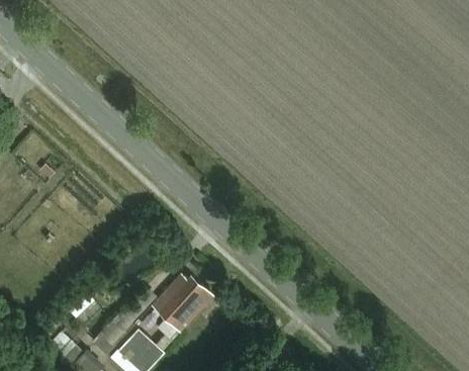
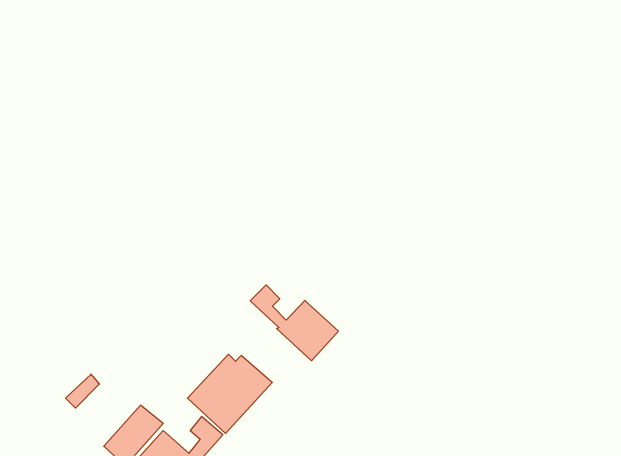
building: none -> [250,285,338,361]

